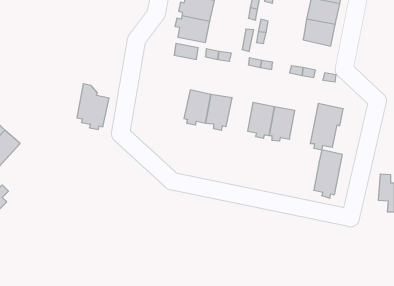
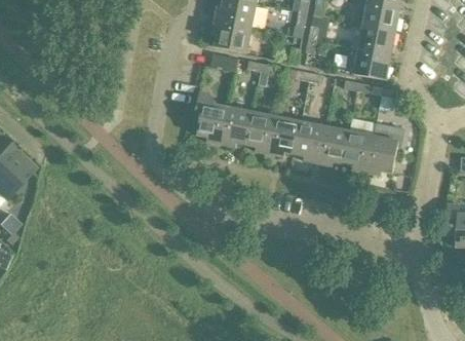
building: none -> [353,48,390,79]
building: [77,84,109,129] -> [192,89,229,142]
building: none -> [270,115,301,155]
building: [314,150,342,198] -> [343,116,376,172]

